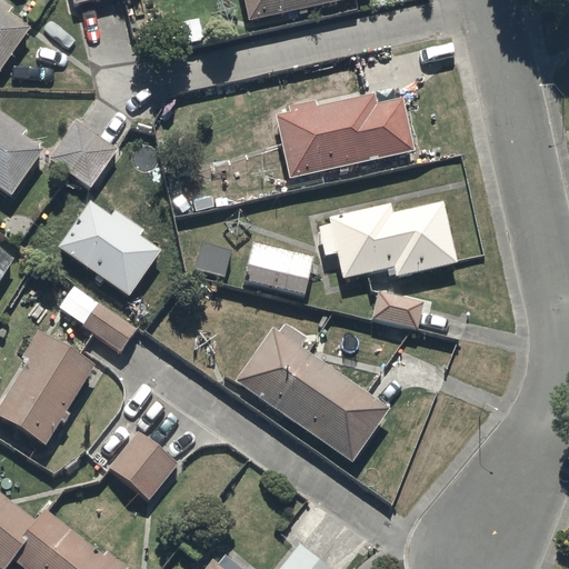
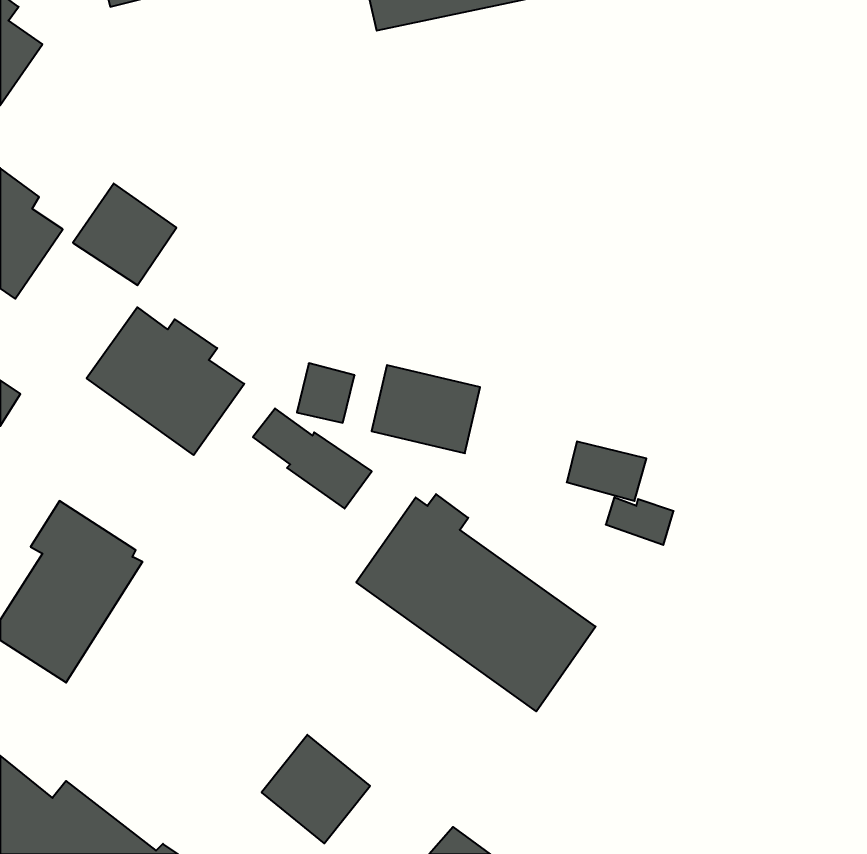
building: [274,91,415,179] -> none
building: [318,202,455,279] -> none
building: [59,286,137,351] -> [253,408,372,509]
building: [108,429,179,500] -> [262,735,370,843]

